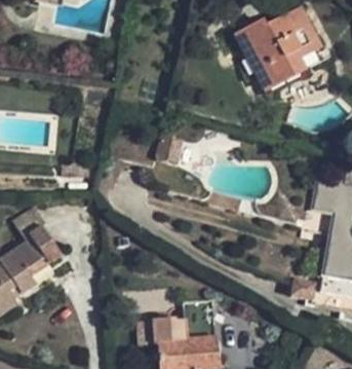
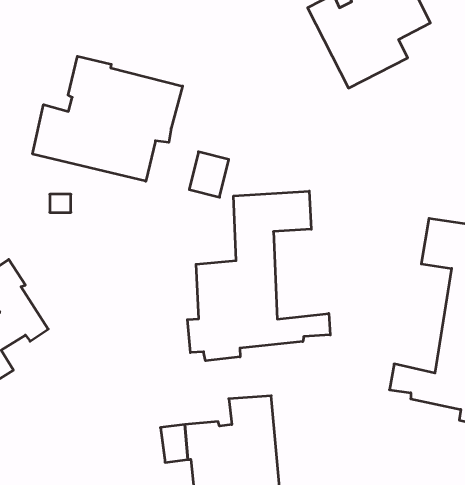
building: none -> [33,56,183,181]
building: none -> [187,191,330,361]

